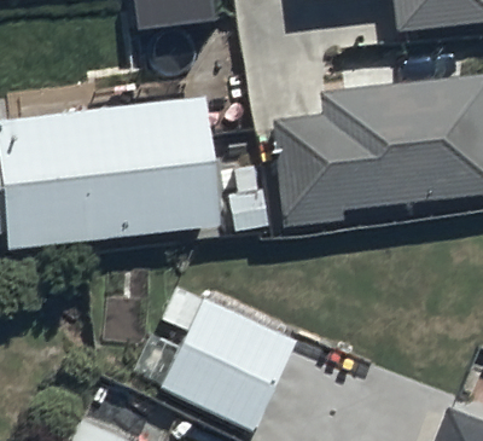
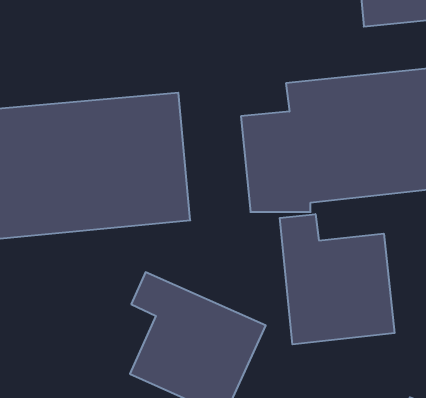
building: none -> [280,214,395,344]

